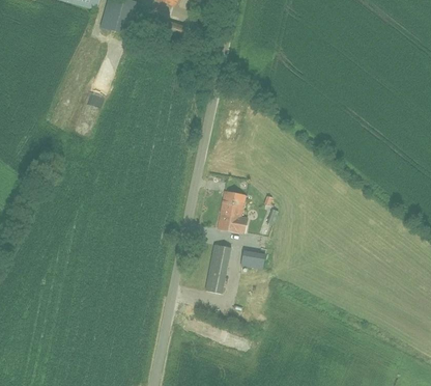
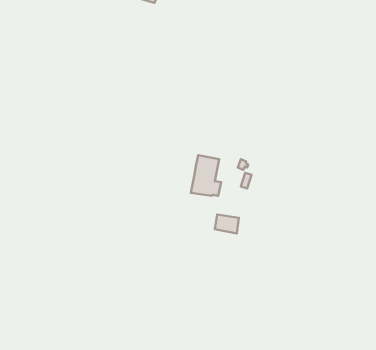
building: [205,243,230,292] -> none

